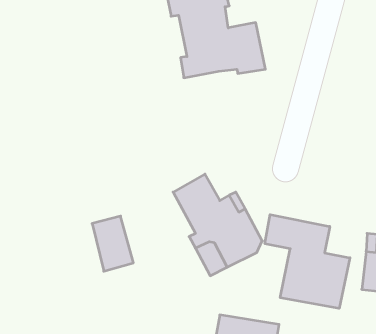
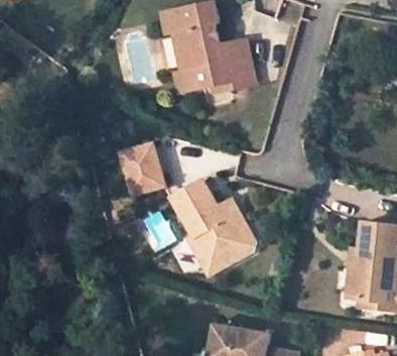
building: [265,215,350,308] -> none
building: [92,216,133,271] -> [118,151,157,204]

